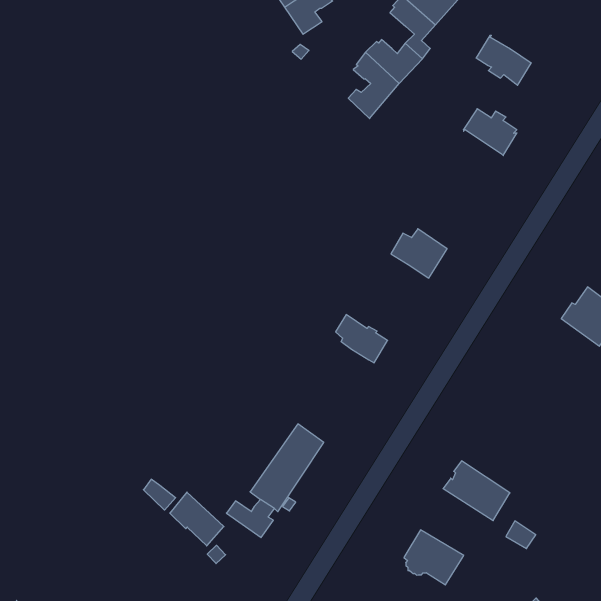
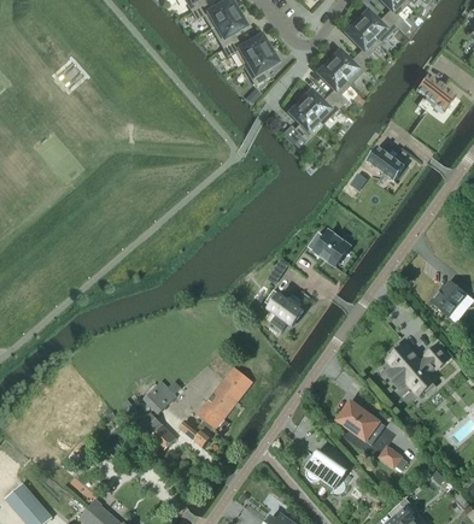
building: [476,35,531,85] -> [416,75,456,112]
building: none -> [387,342,445,395]
building: none -> [144,381,176,413]

